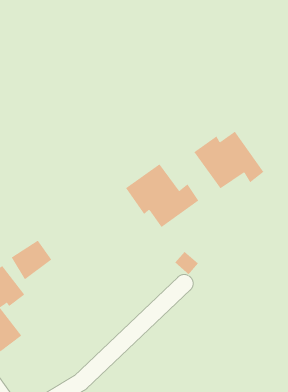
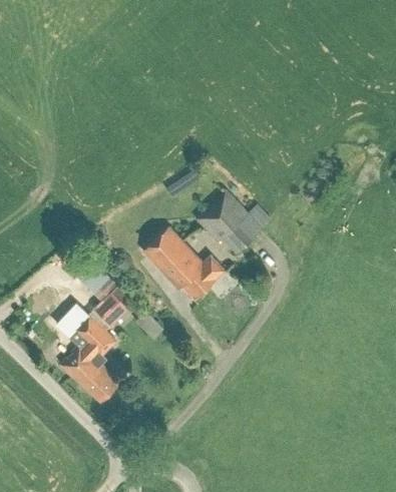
building: [194,131,264,189] -> none
building: none -> [143,227,225,299]

